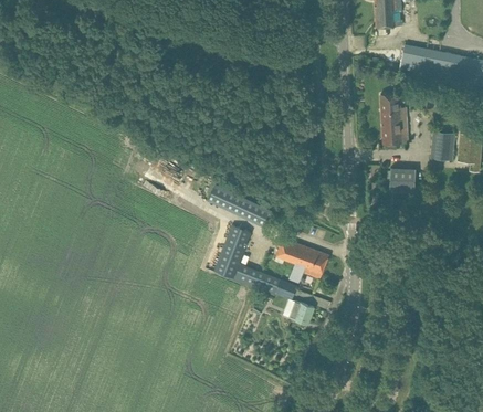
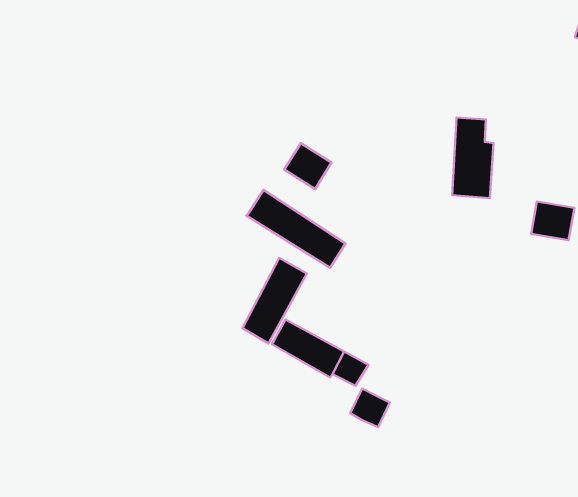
building: [380,94,408,145] -> [452,118,493,198]
building: none -> [284,143,332,189]
building: [275,239,329,283] -> none

